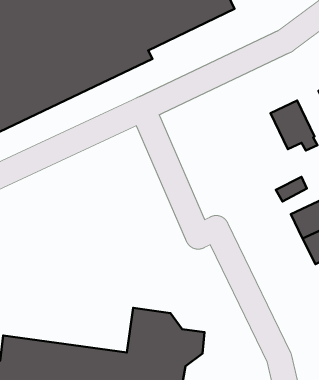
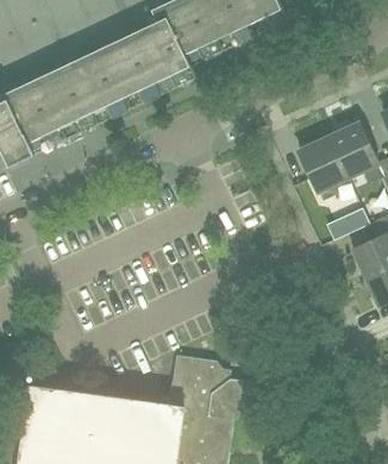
building: none -> [298,137,348,199]

